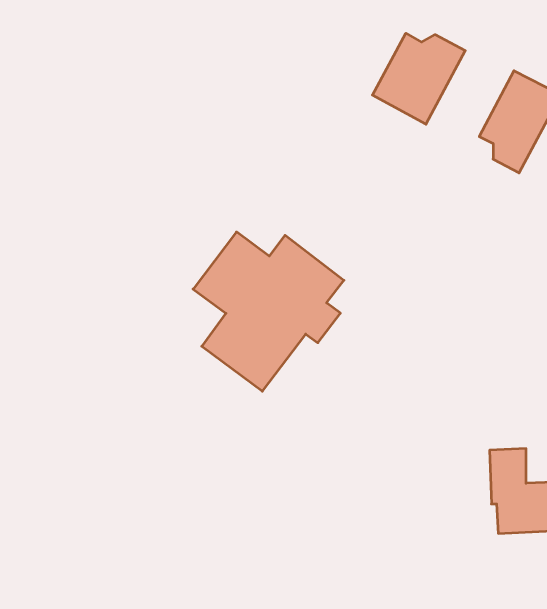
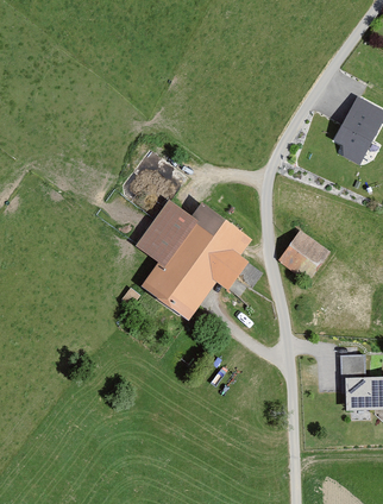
building: [372,33,465,124] -> none
building: none -> [282,235,325,278]

